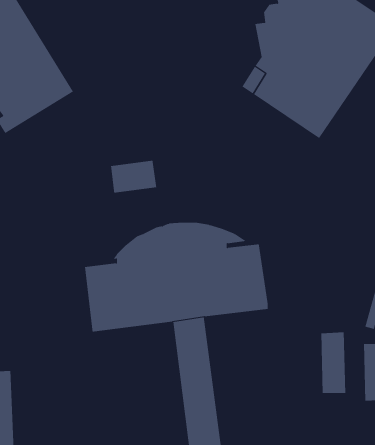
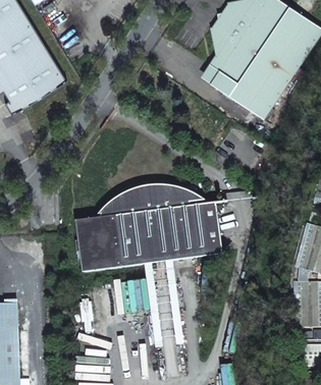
building: [111,160,157,194] -> none
building: [321,332,346,394] -> none

